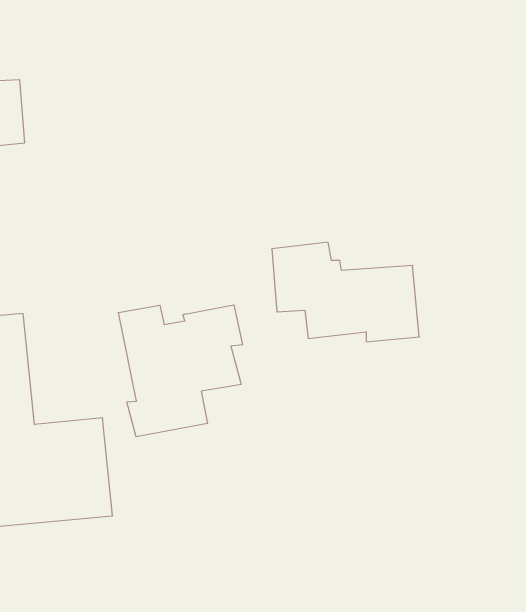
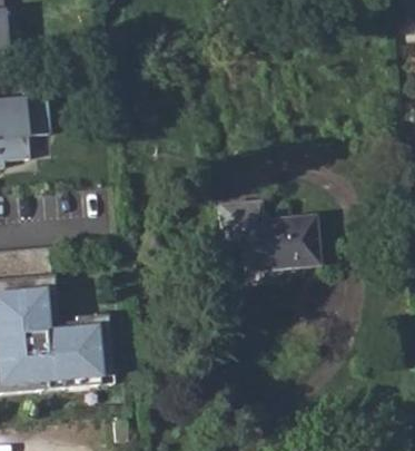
building: [118,305,242,437] -> none

